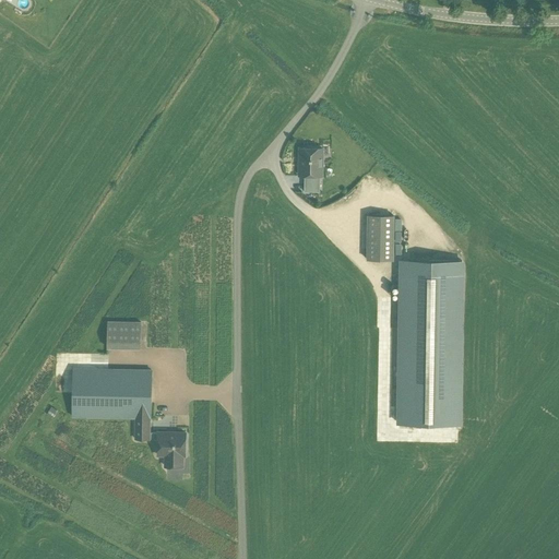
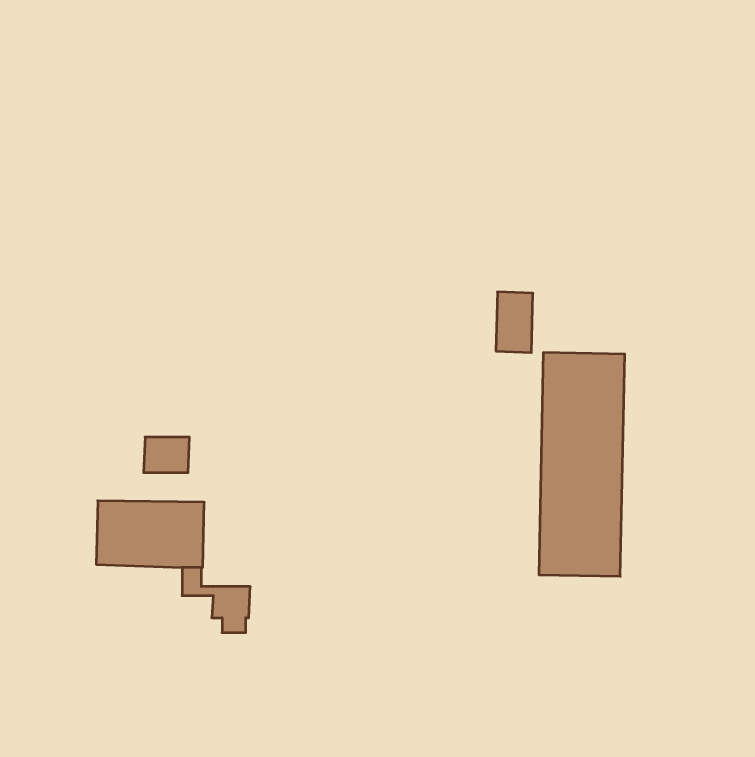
building: [298,148,321,192] -> none

